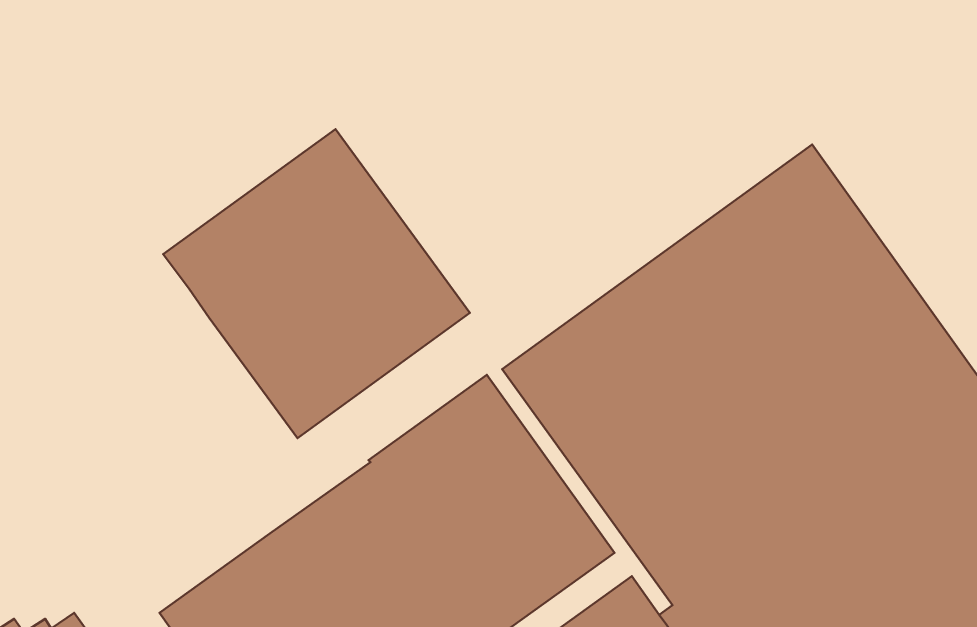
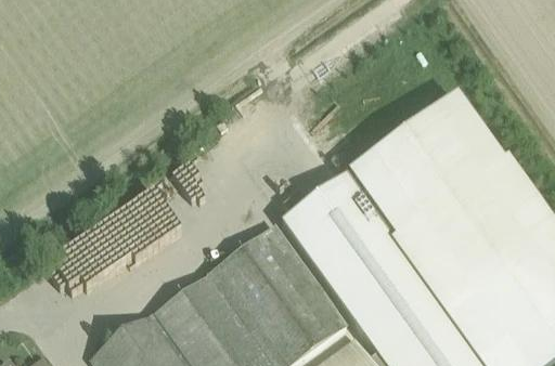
building: [163,129,470,438] -> none

